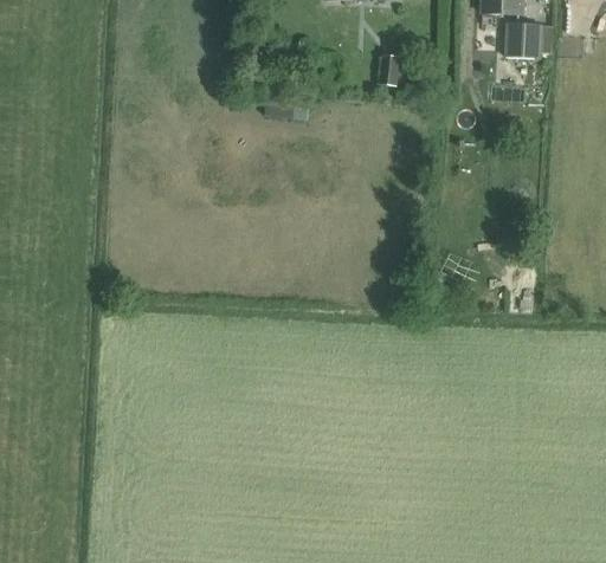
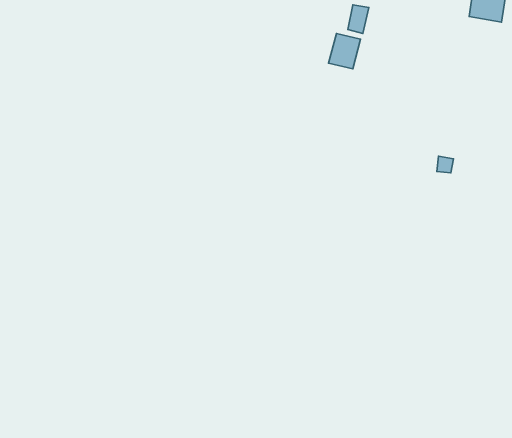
building: none -> [329,34,361,69]

